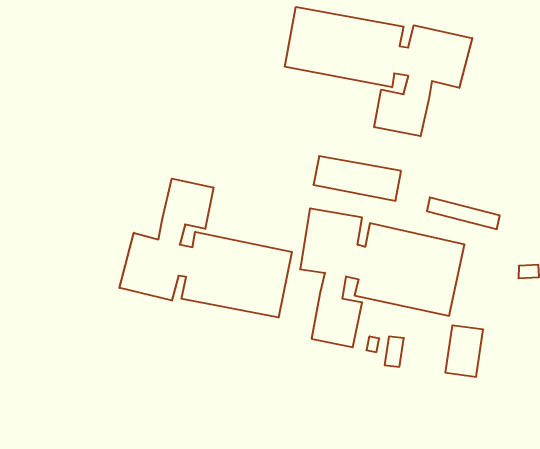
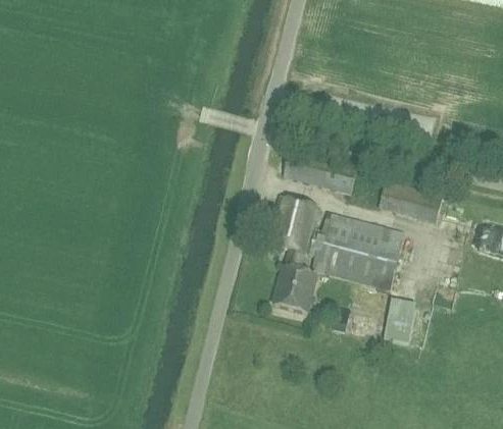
building: [285,7,472,136] -> none
building: [119,179,292,318] -> none

